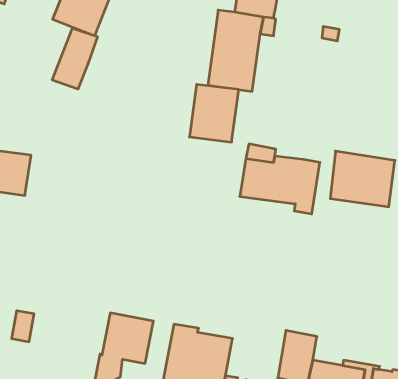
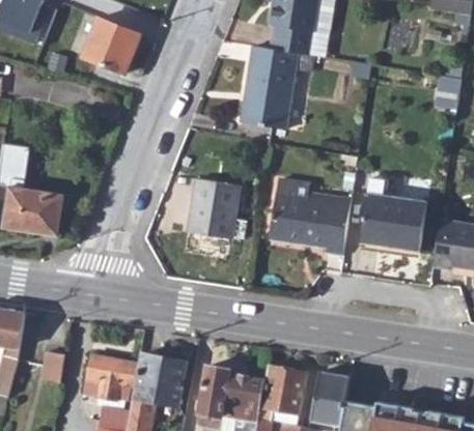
building: [52,28,97,89] -> none
building: [189,84,239,142] -> [190,181,240,239]
building: none -> [82,353,138,400]
building: none -> [261,366,306,412]

